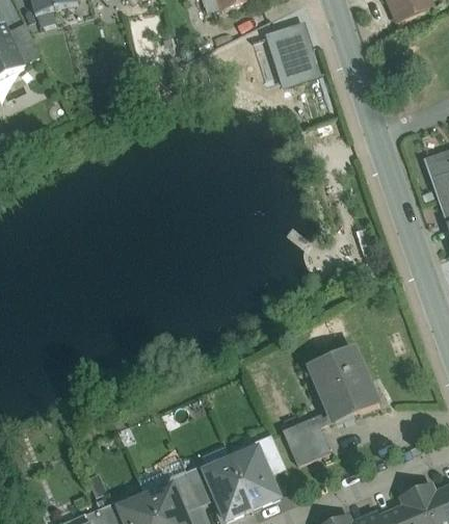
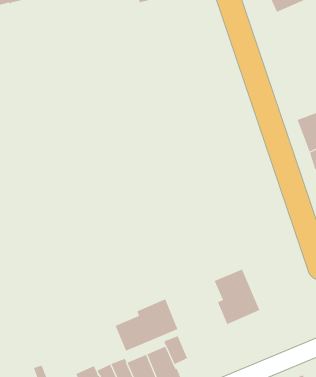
building: [258,22,318,89] -> none
building: none -> [115,299,178,352]
building: [283,426,331,466] -> none

